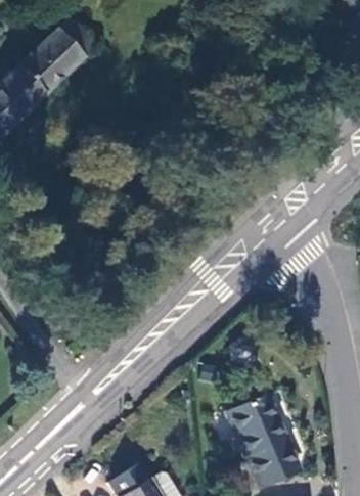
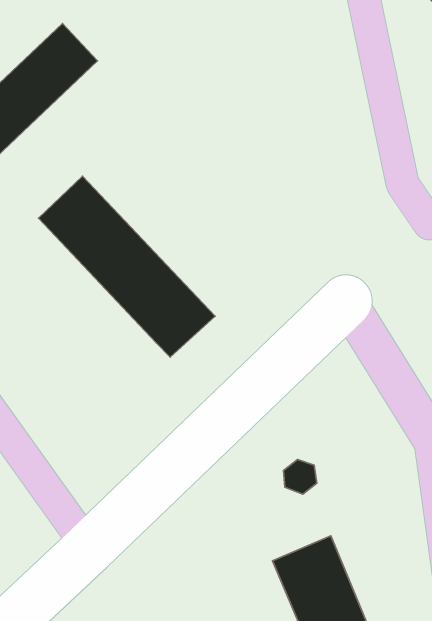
building: none -> [38,176,215,357]

